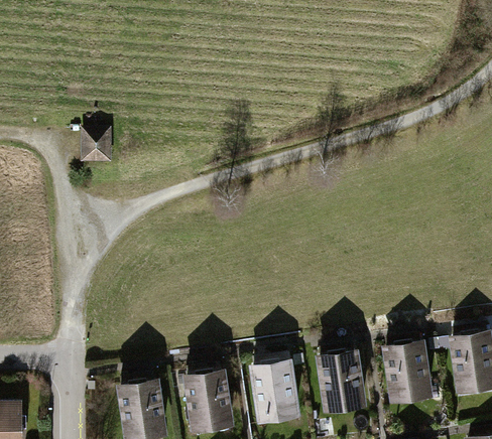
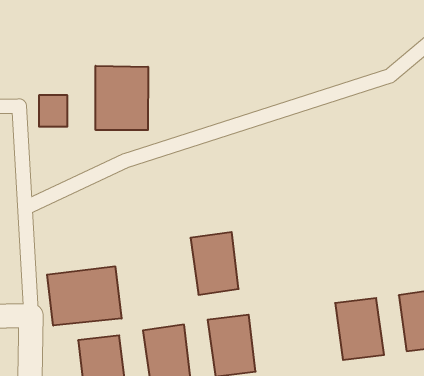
building: none -> [96,66,148,130]
building: none -> [47,266,122,326]
building: [317,349,366,414] -> [190,232,239,295]

